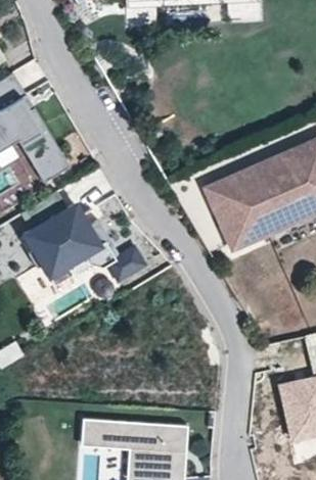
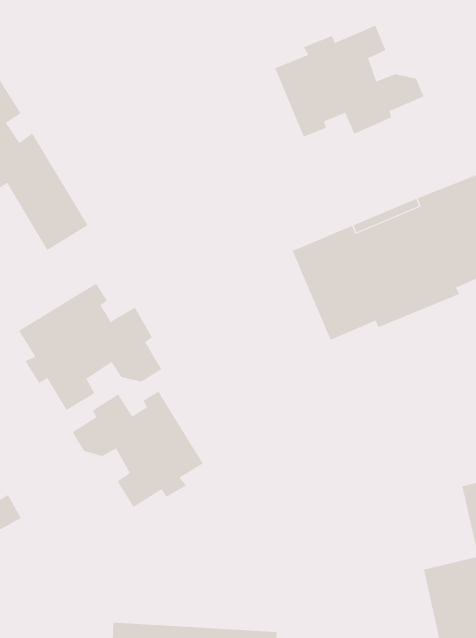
building: none -> [275,25,424,137]
building: none -> [72,391,203,508]

